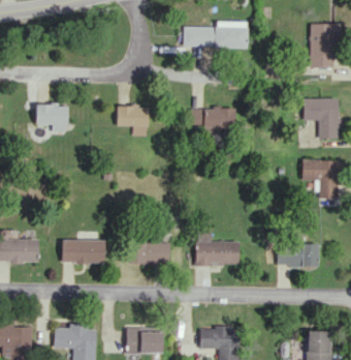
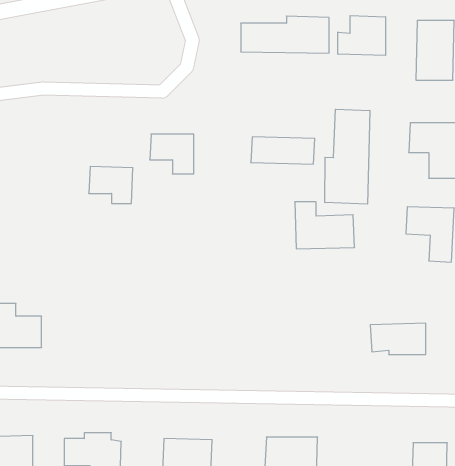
building: none -> [338,16,386,55]
building: none -> [325,109,370,204]
building: [36,104,68,131] -> [89,166,133,203]
building: [196,232,240,266] -> [295,202,355,249]
building: [62,239,105,264] -> none
building: [130,241,170,265] -> none

